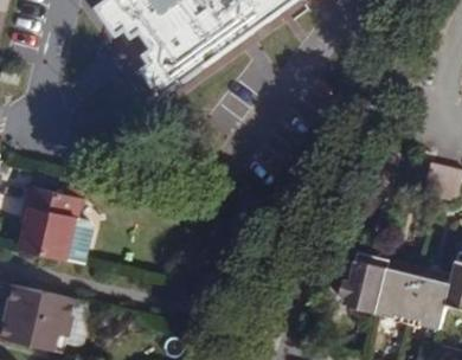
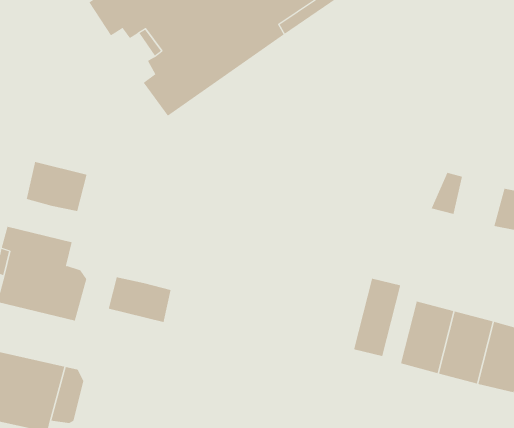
building: none -> [26,161,87,212]
building: none -> [108,276,171,323]
building: none -> [353,278,401,357]

